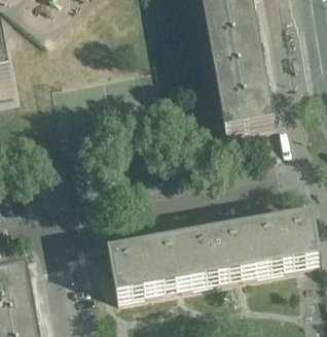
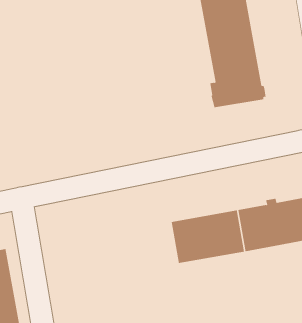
building: [106,237,189,293] -> none

